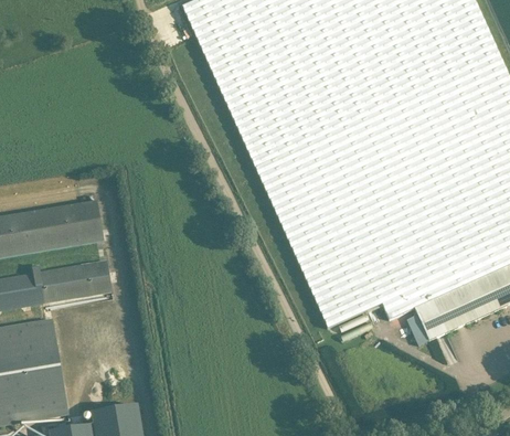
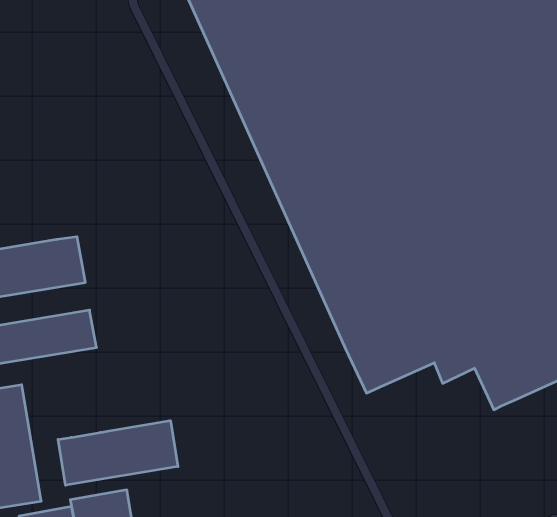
building: none -> [58,421,178,485]

